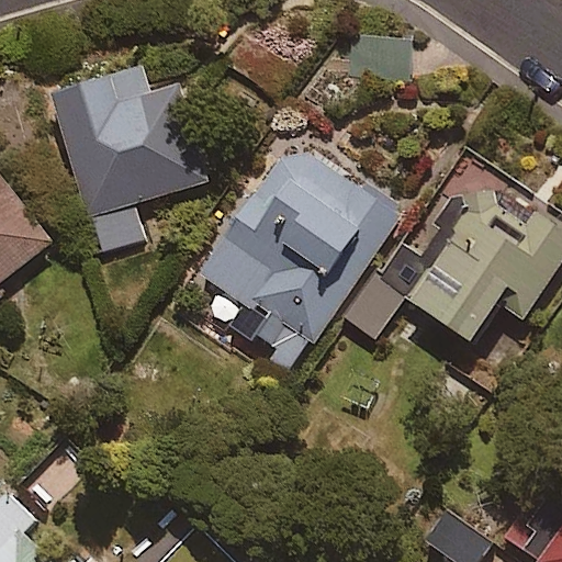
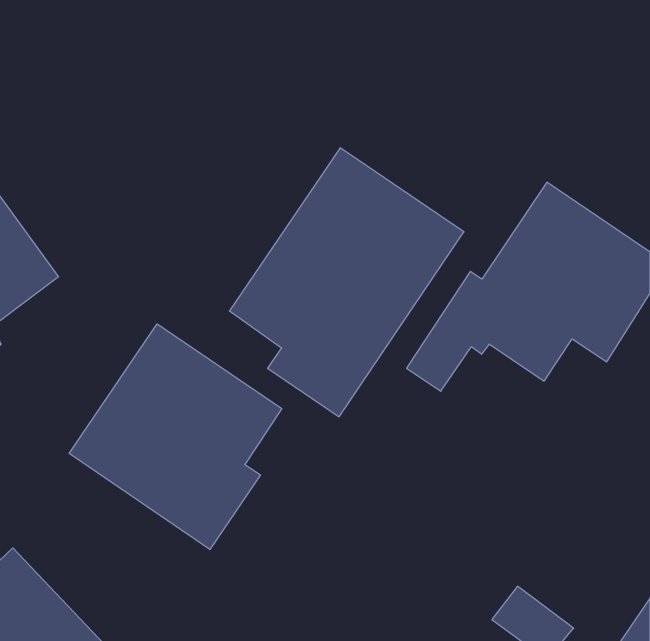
building: [47,58,207,262] -> none
building: none -> [69,324,282,550]

